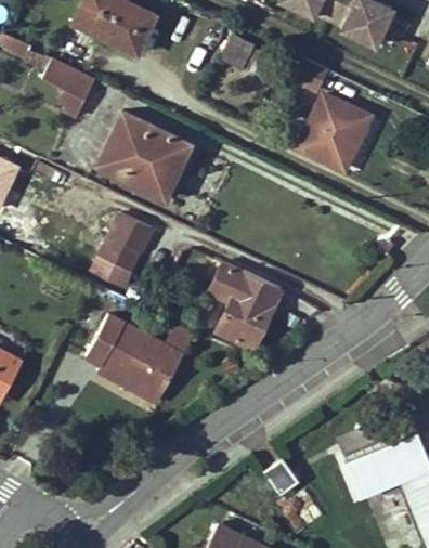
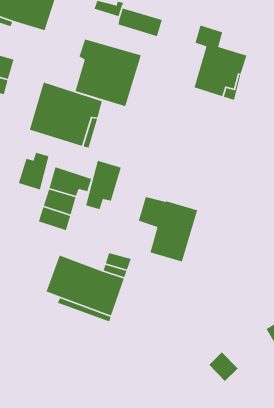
building: none -> [75,39,142,107]
building: none -> [18,152,49,191]
building: none -> [85,160,122,210]

